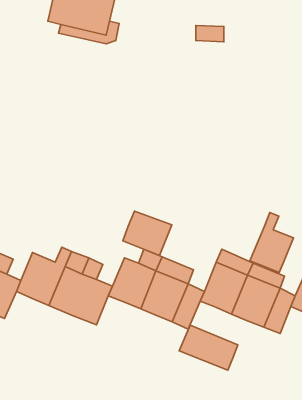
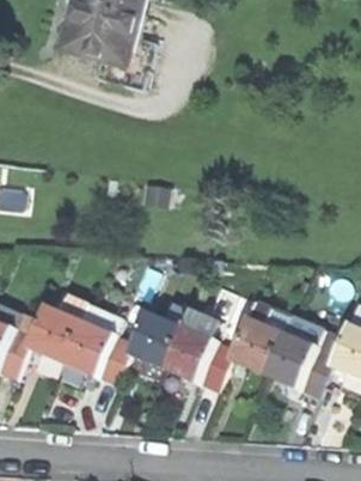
building: [123,211,172,255] -> none
building: [250,213,294,273] -> none
building: [179,325,238,370] -> none

